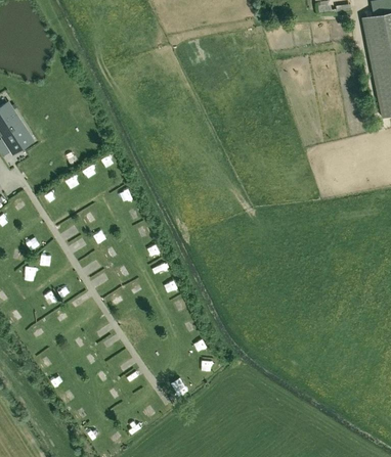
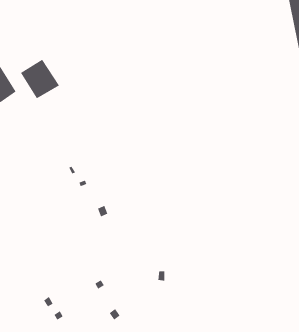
building: none -> [20,59,60,99]

